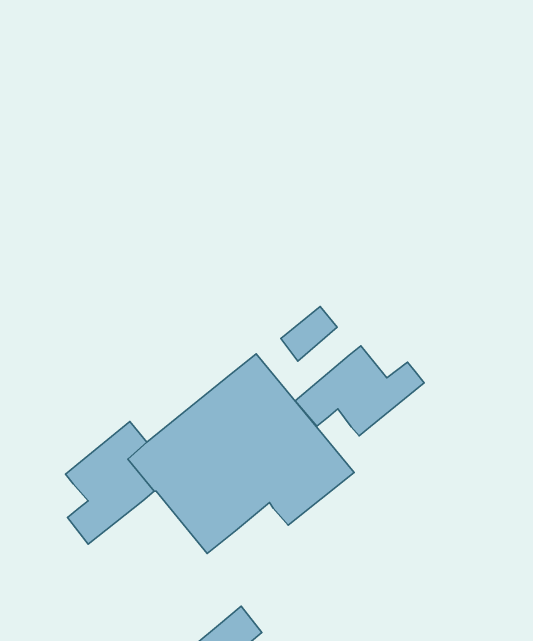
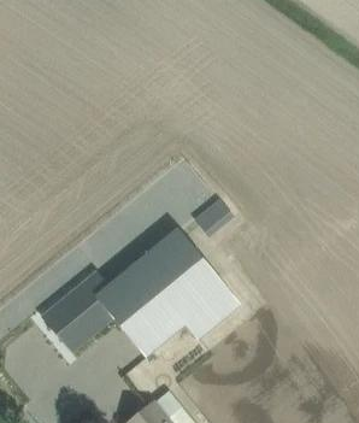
building: [295,346,424,436] -> none

